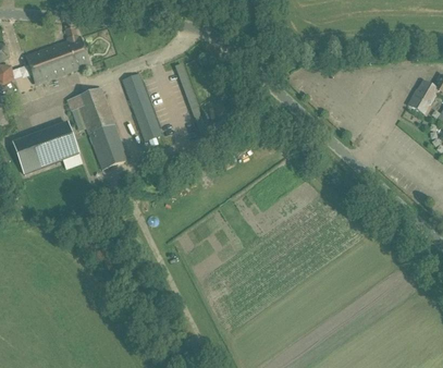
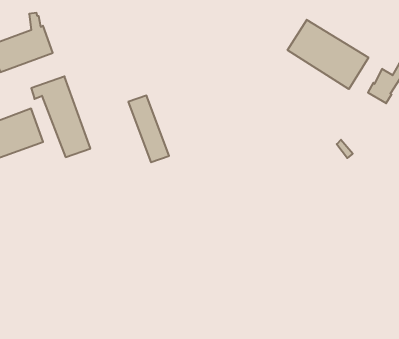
building: none -> [288,20,368,89]
building: [121,73,162,140] -> [128,96,169,162]

